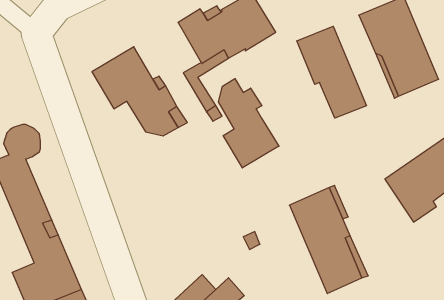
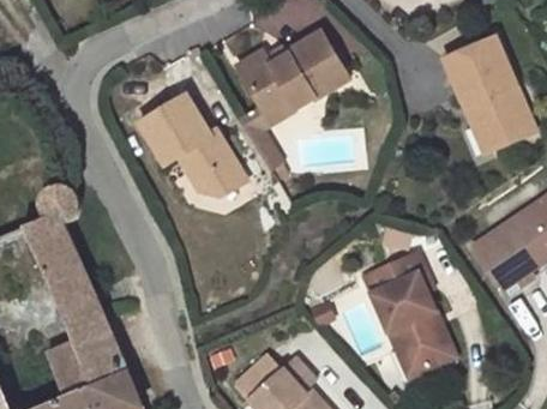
building: [297,26,366,118] -> none
building: [218,79,279,168] -> none

